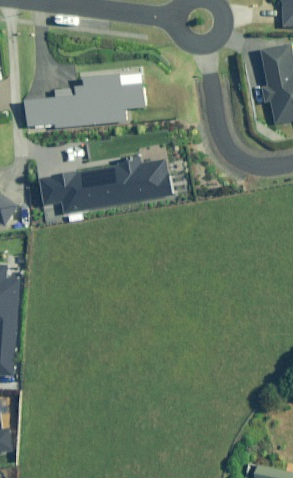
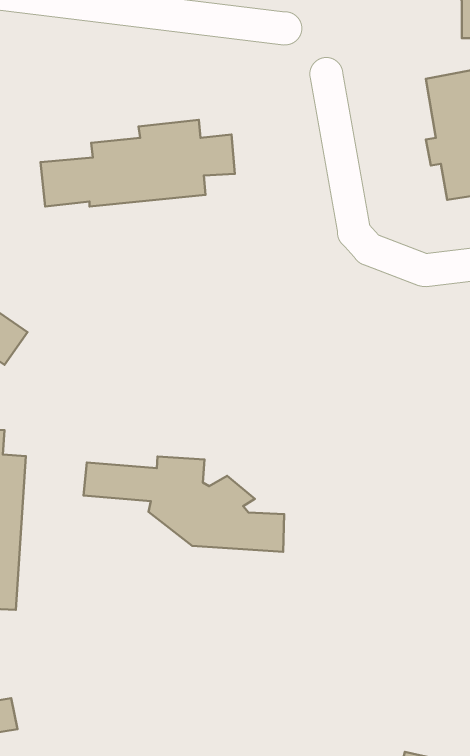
building: [38,158,171,213] -> none
building: none -> [84,457,284,552]

